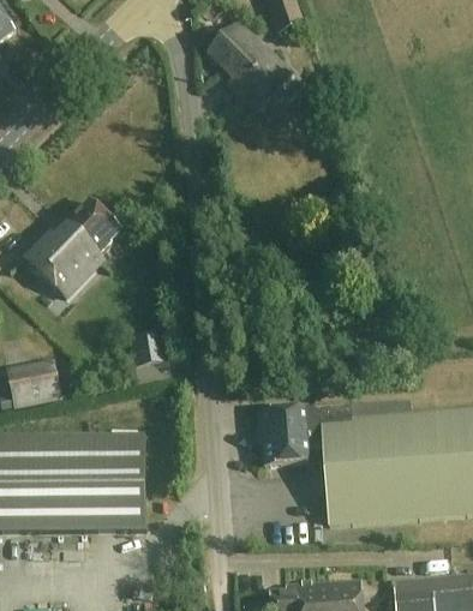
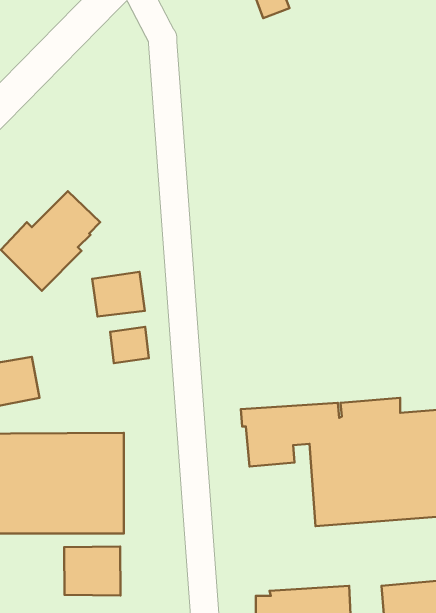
building: [209,20,292,109] -> none
building: none -> [92,272,145,317]
building: none -> [64,547,121,596]

